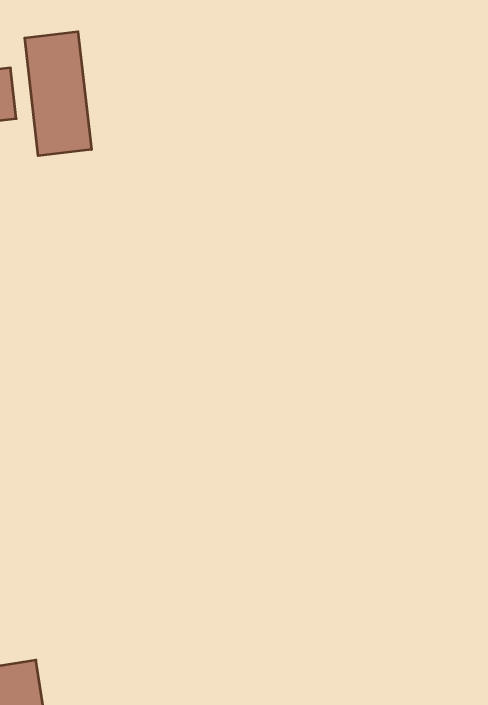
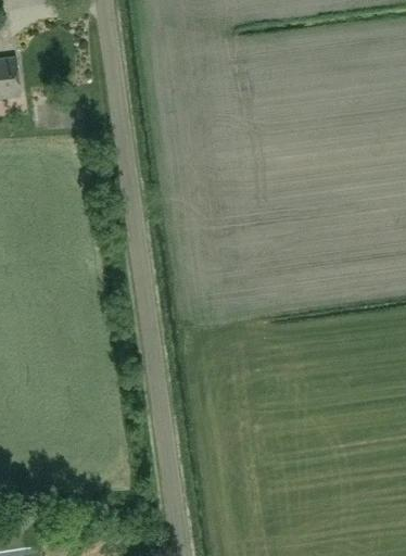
building: [25,32,91,156] -> none

